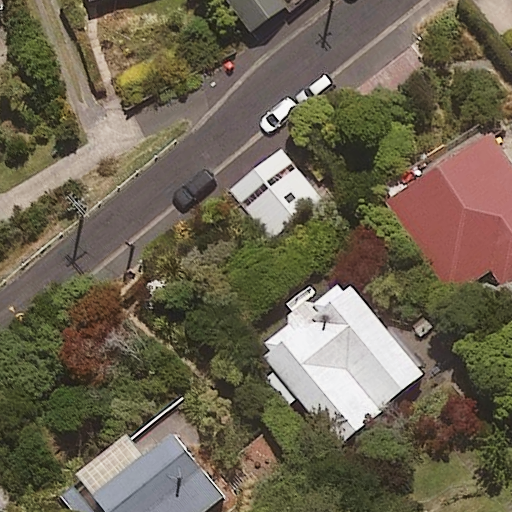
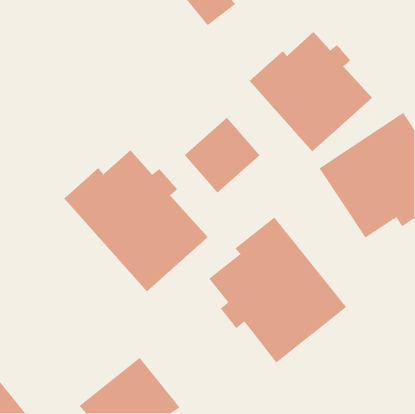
building: none -> [249,31,373,152]
building: none -> [64,149,208,292]

